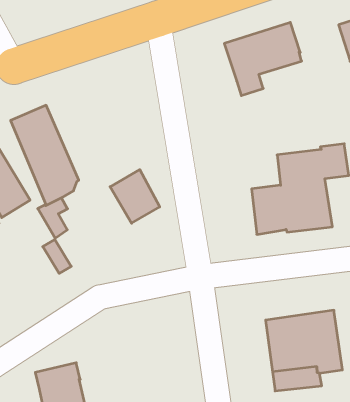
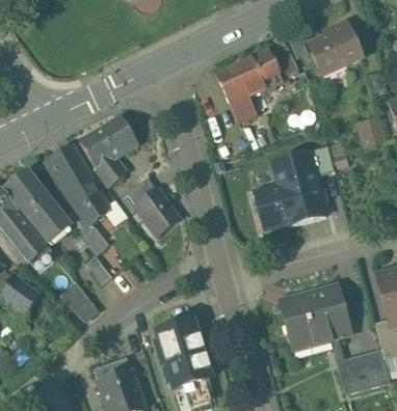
building: none -> [80,115,138,183]
building: none -> [59,278,99,319]
building: none -> [158,321,208,378]

